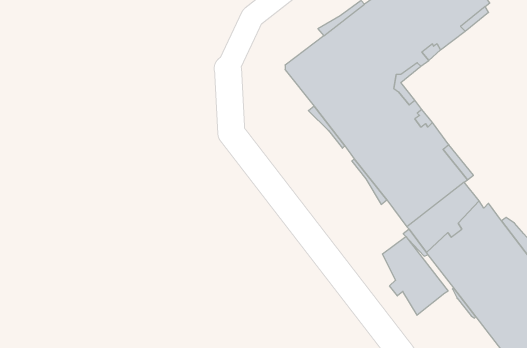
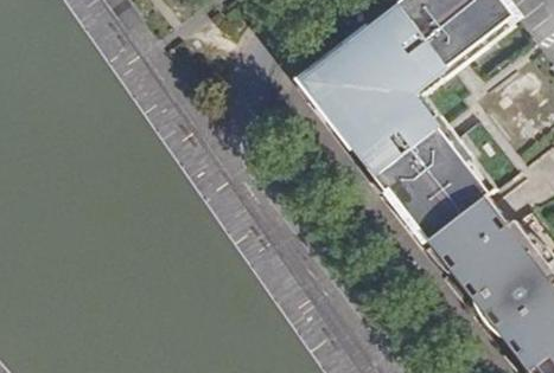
building: [382,236,448,315] -> none

